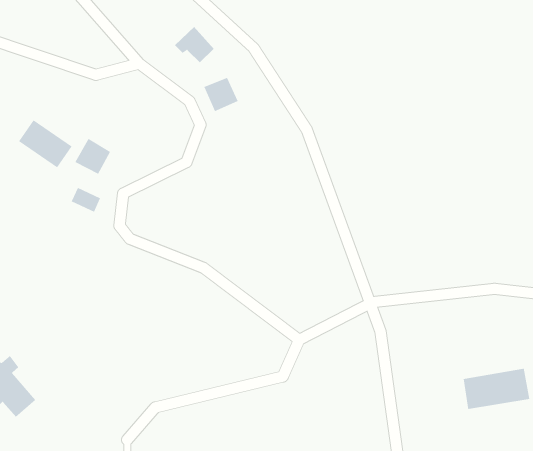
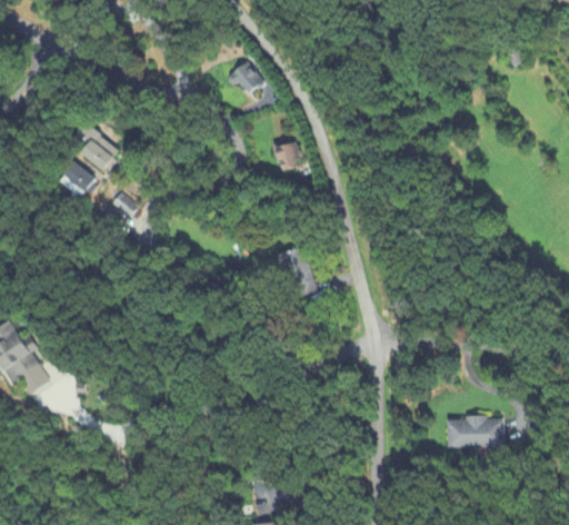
building: [203,77,238,112] -> [272,141,302,171]
building: [75,138,111,174] -> [61,162,96,197]
building: none -> [282,247,317,298]

